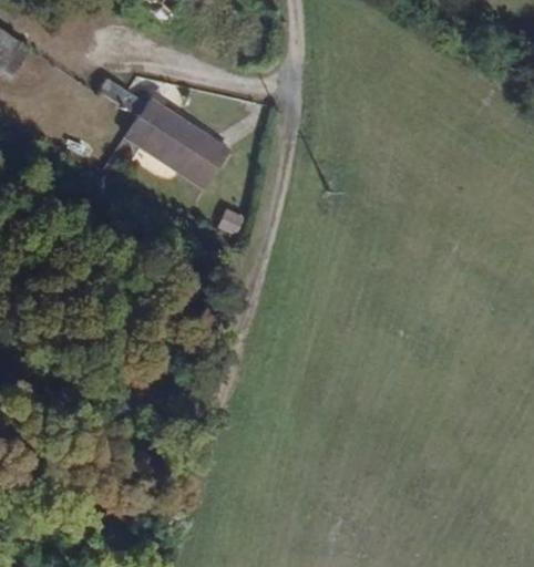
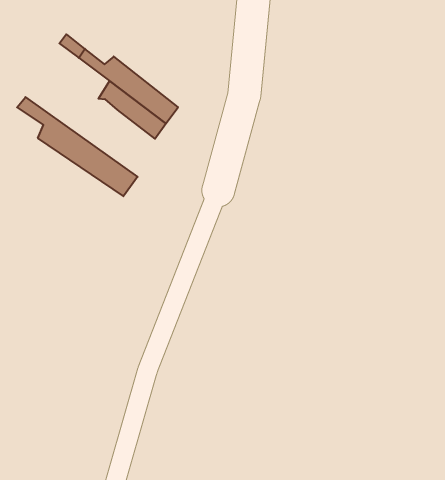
building: none -> [17,97,138,196]

